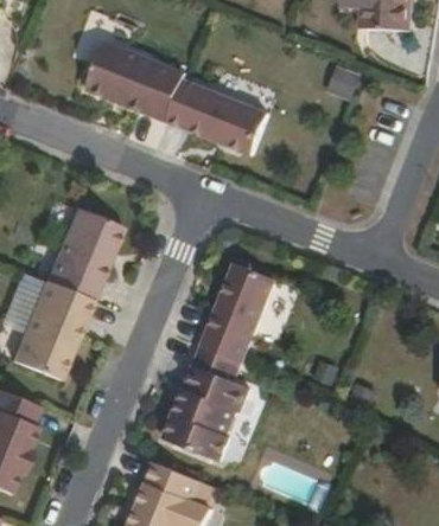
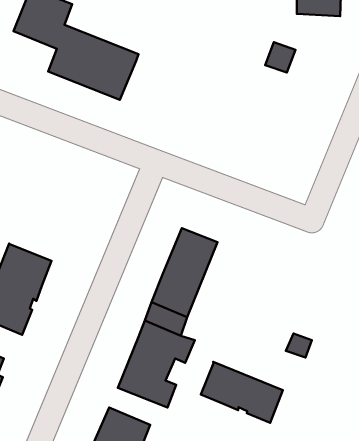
building: [167,81,268,158] -> none
building: [47,209,123,299] -> none
building: none -> [201,362,283,423]

